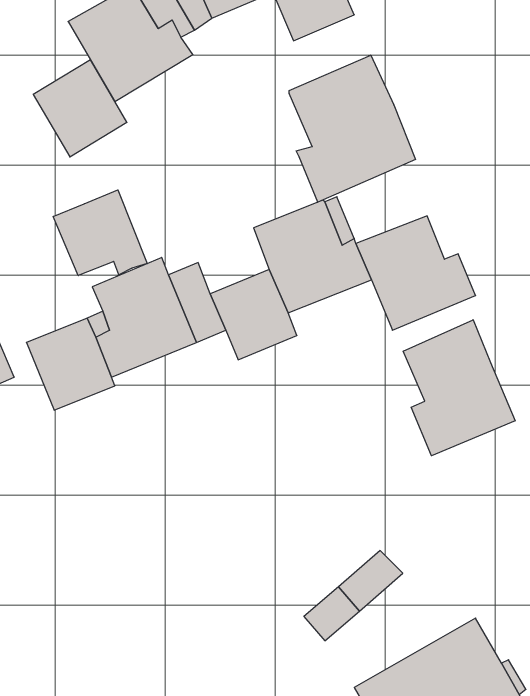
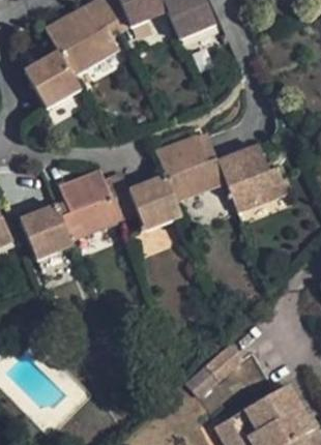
building: [289,55,415,202] -> none
building: [53,190,147,276] -> none
building: [403,320,515,456] -> none

